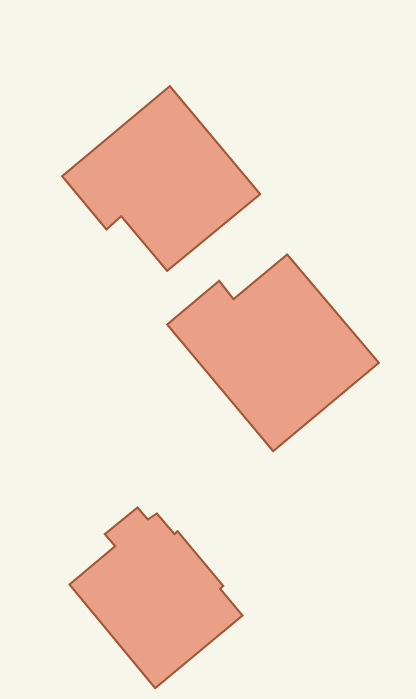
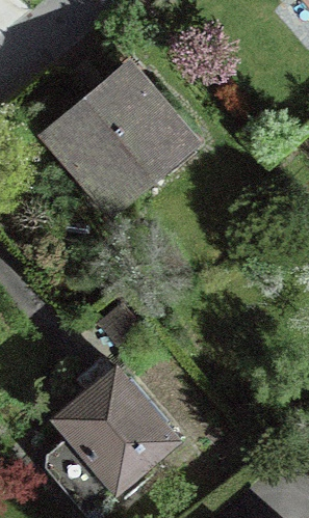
building: [167,254,379,451] -> none

